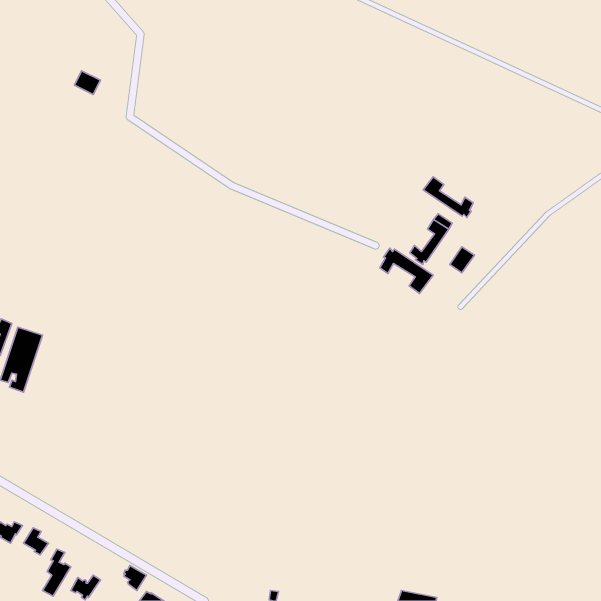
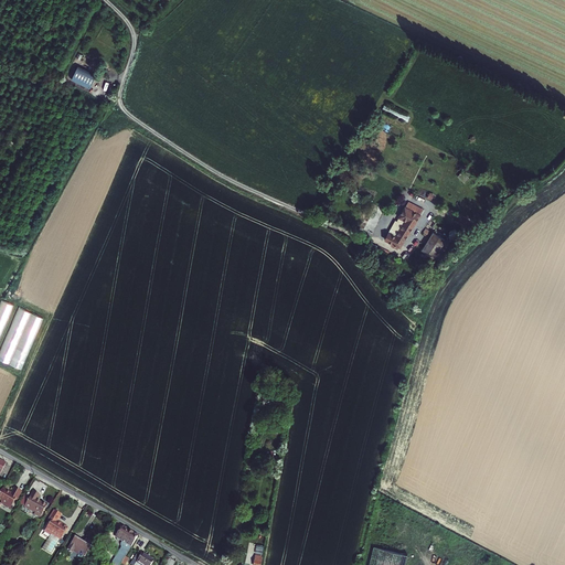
building: [423,177,473,218] -> none
building: [380,248,433,293] -> none

